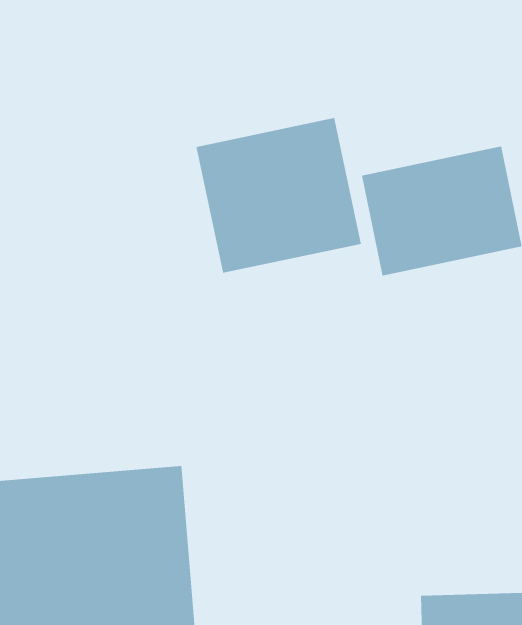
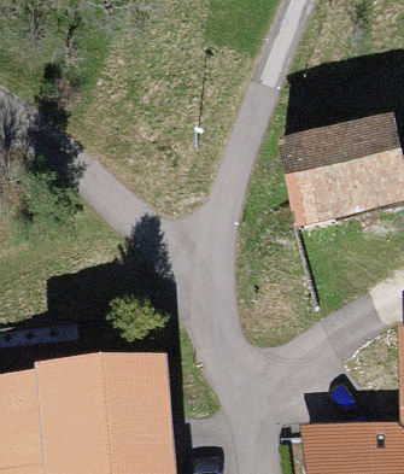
building: [196,117,362,274] -> none

